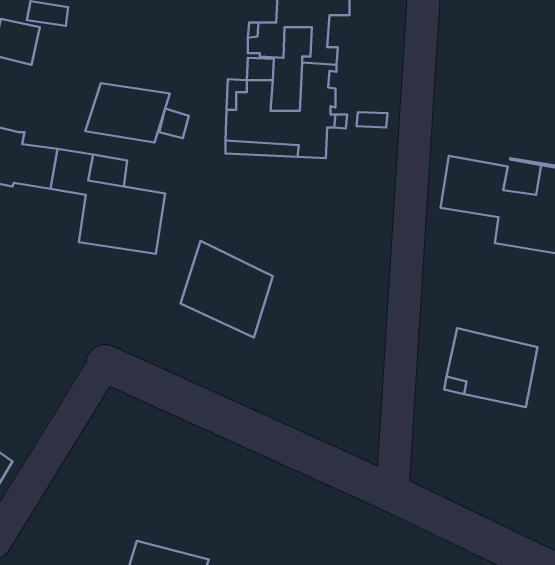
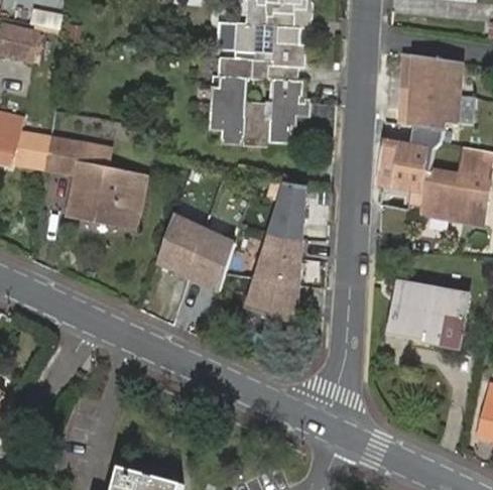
building: none -> [397,55,461,132]
building: [85,83,170,143] -> none
building: none -> [245,180,309,323]

